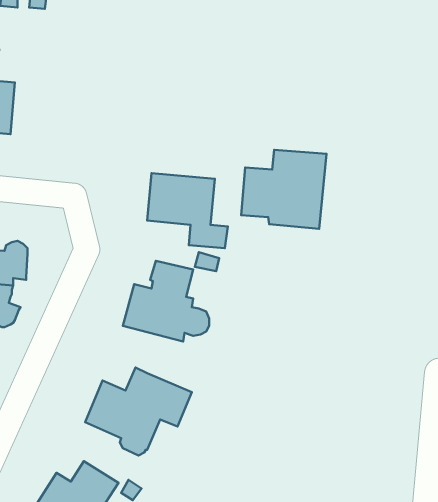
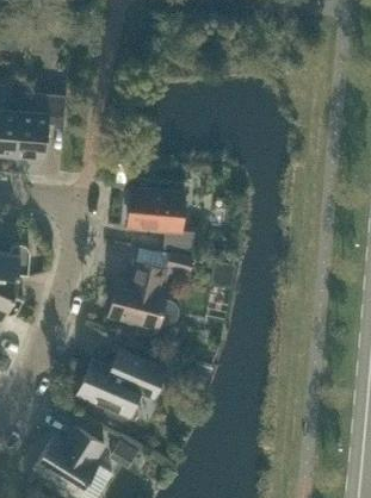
building: none -> [14,94,66,158]
building: [241,150,326,229] -> none

